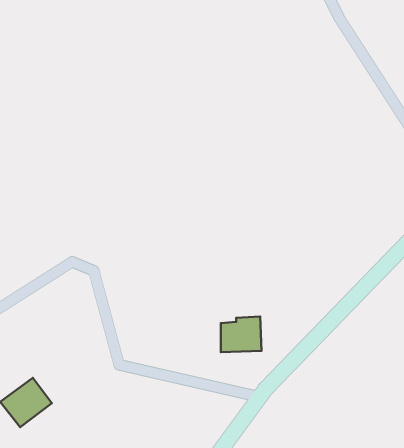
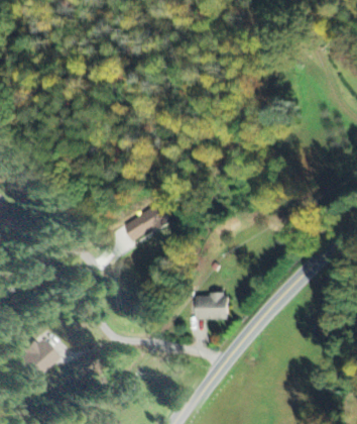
building: none -> [121,201,171,242]

